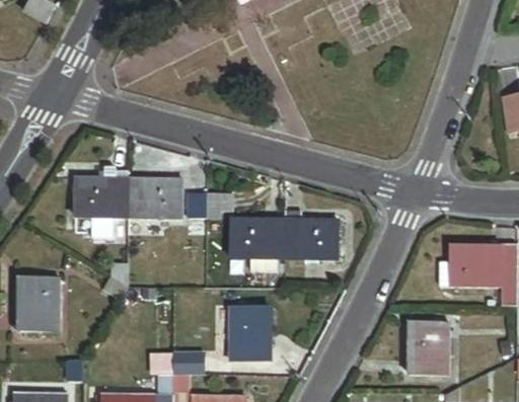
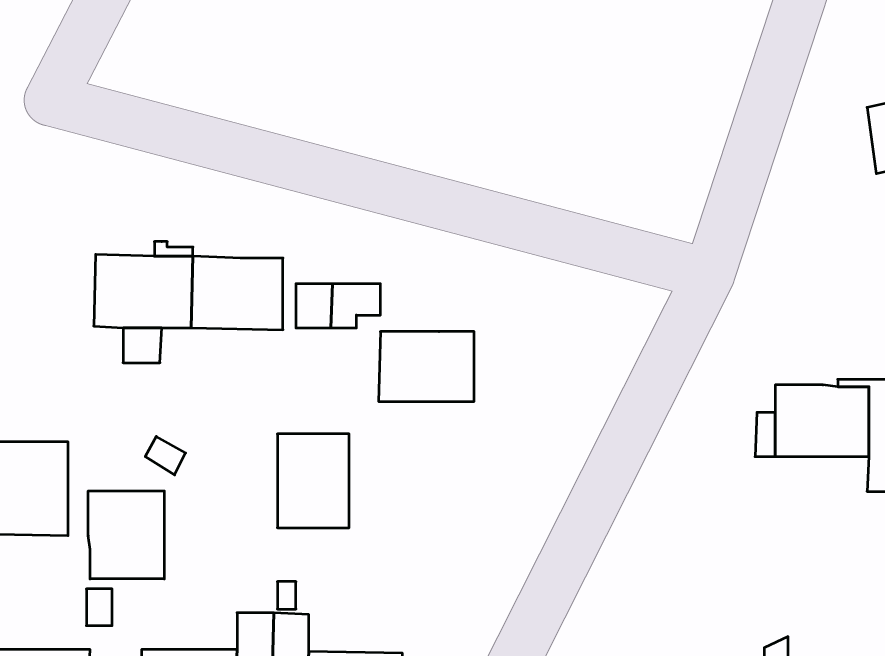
building: [284,218,339,256] -> none
building: none -> [88,491,164,579]
building: [229,308,269,359] -> [277,434,349,528]
building: [409,322,449,374] -> none

